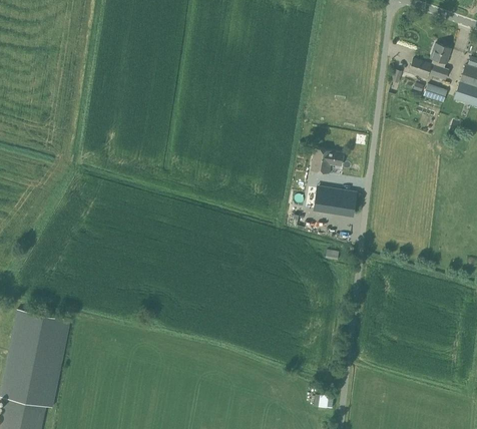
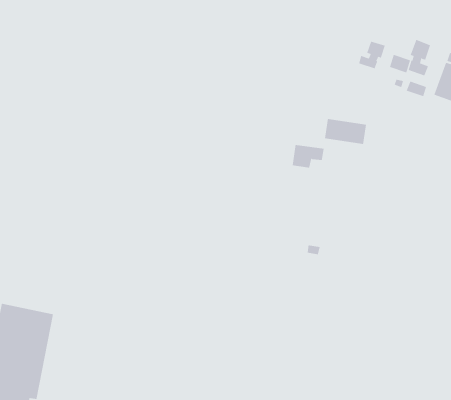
building: none -> [358,41,385,69]
building: [313,190,356,217] -> [324,119,367,144]

